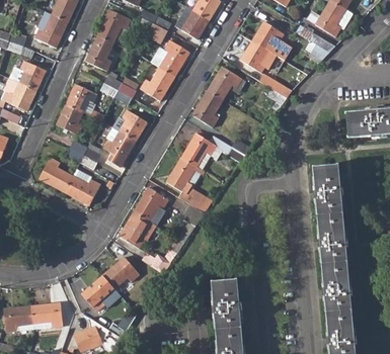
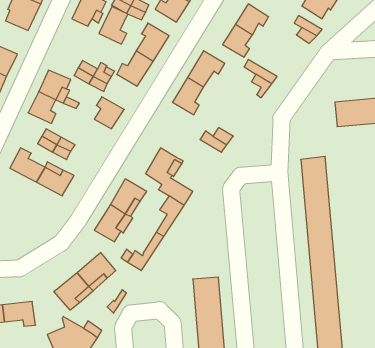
building: [85,35,112,71] -> [99,7,128,44]
building: [102,130,135,166] -> none
building: [181,134,216,167] -> none

